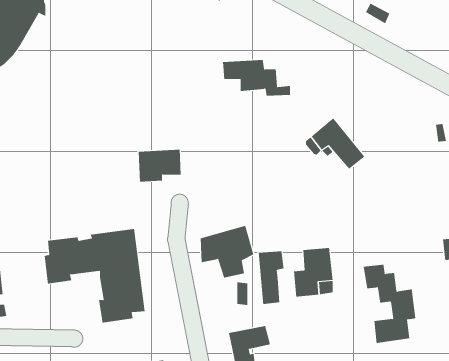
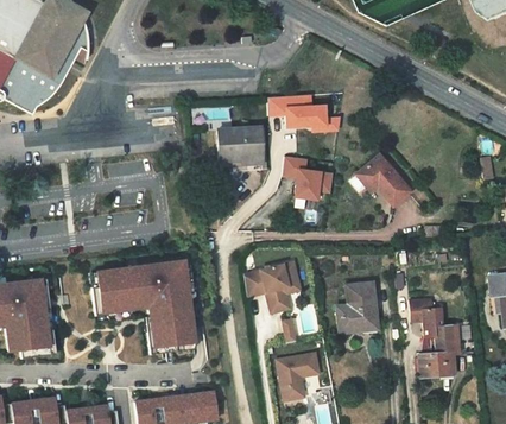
building: none -> [283,154,335,198]
building: [138,149,182,182] -> [216,125,260,158]
building: [258,250,284,305] -> none

